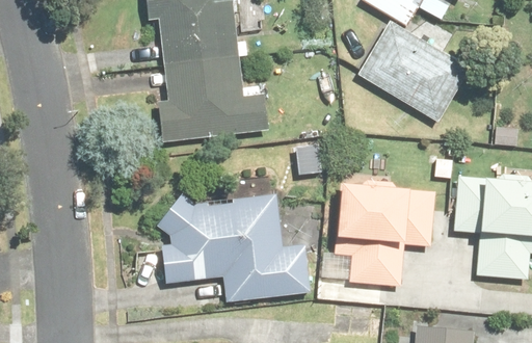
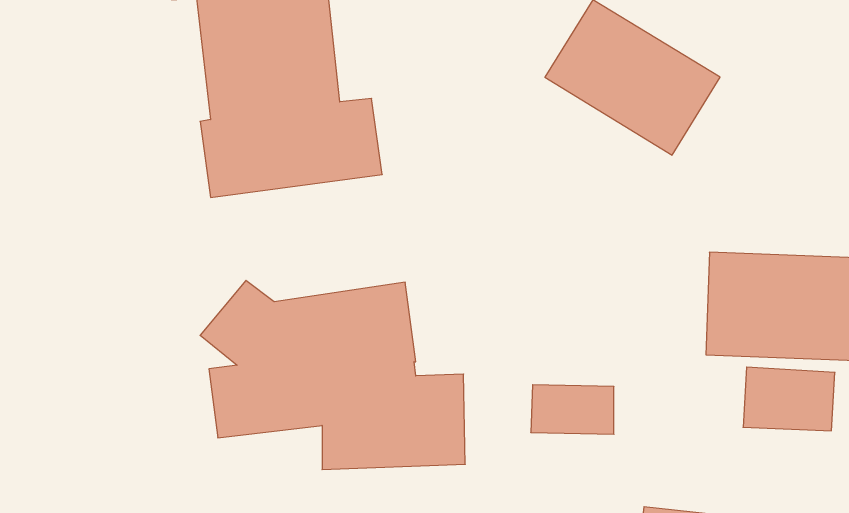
building: [324,187,427,253] -> none

